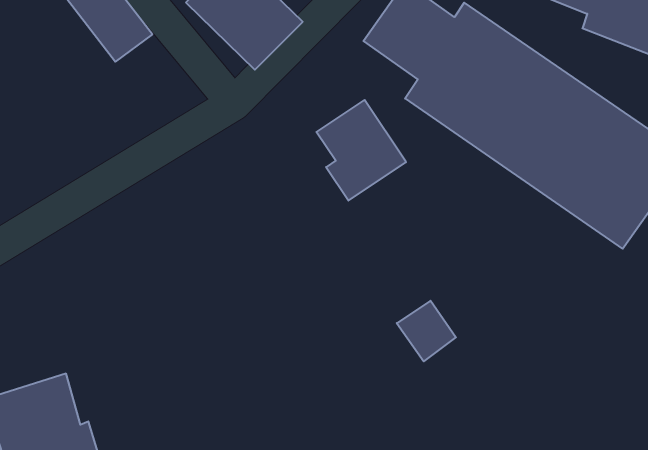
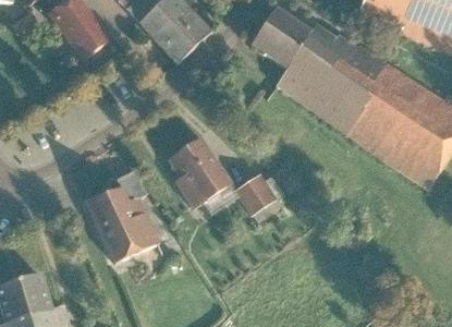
building: [316,100,406,201] -> [168,135,229,204]
building: none -> [96,165,161,261]
building: [397,301,456,361] -> [232,175,272,217]

